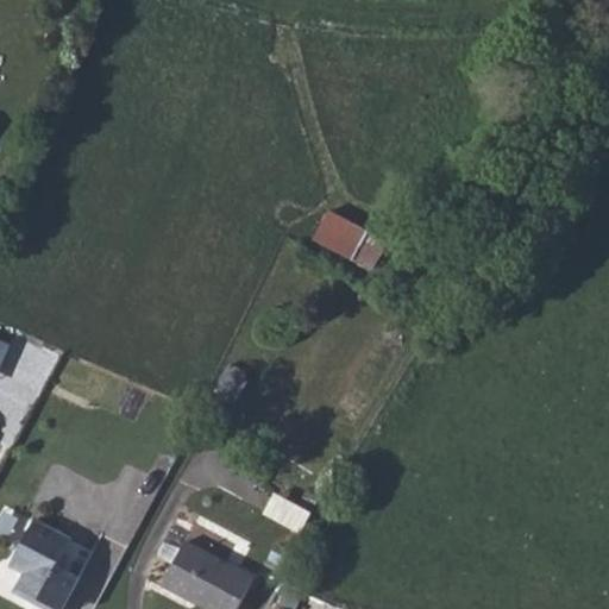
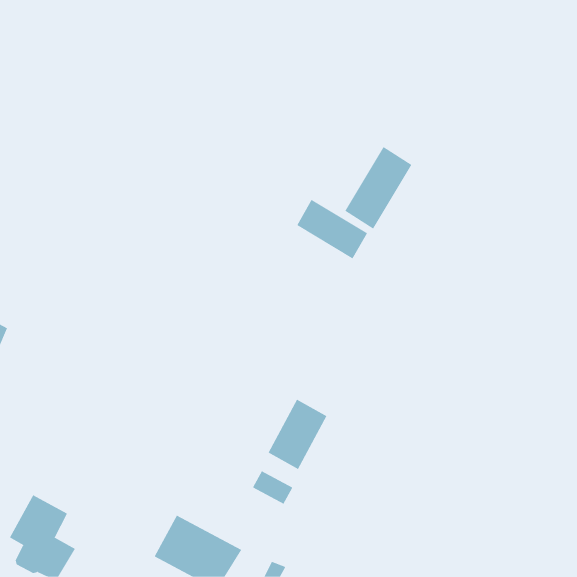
building: none -> [345,146,412,229]
building: none -> [268,399,327,470]

